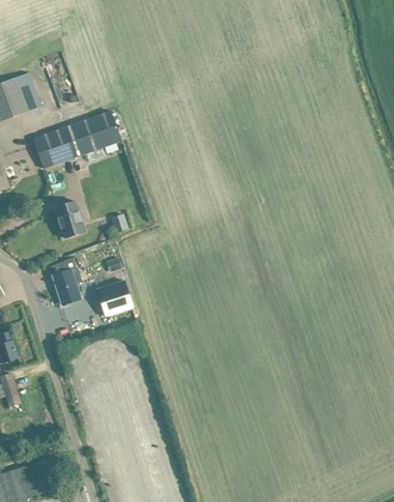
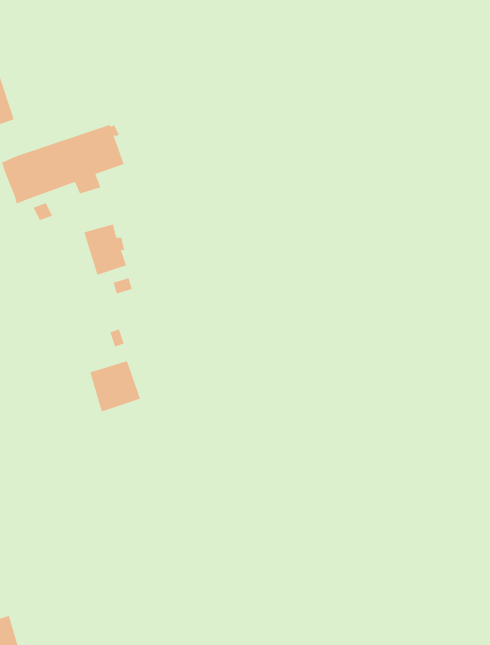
building: [52,201,83,238] -> [84,224,127,276]
building: [49,257,80,305] -> none

